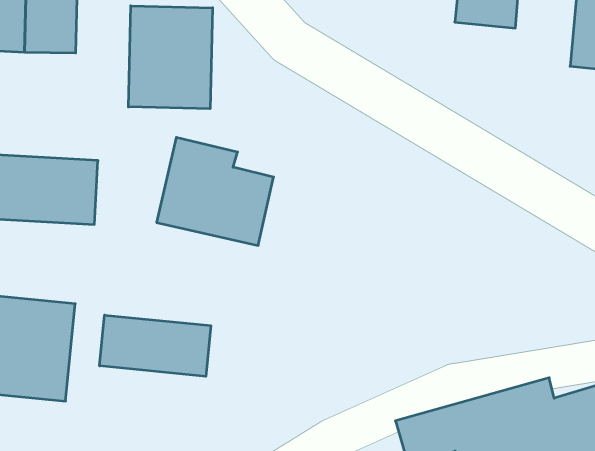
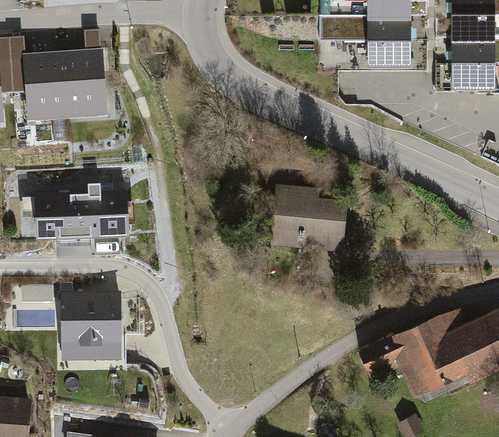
building: [128,6,213,109] -> none
building: [157,137,274,245] -> [266,185,345,255]
building: [100,315,211,376] -> none

